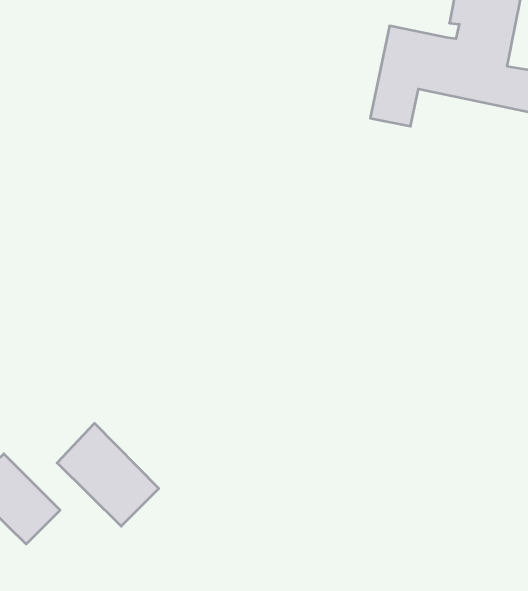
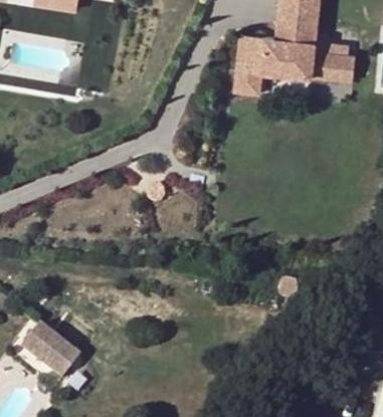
building: [57,423,159,526] -> none

